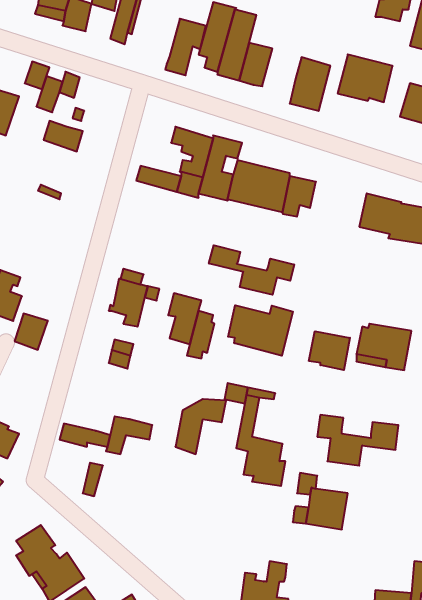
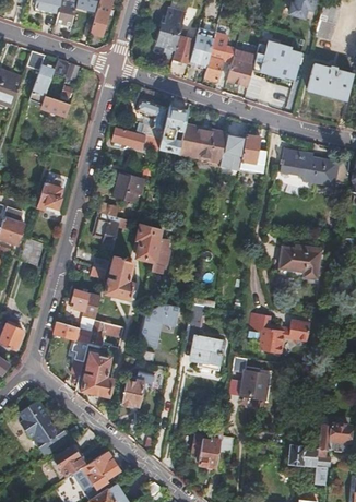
building: [165,19,206,75] -> [202,39,233,82]
building: none -> [240,138,268,174]
building: none -> [111,170,143,202]
building: none -> [35,177,63,212]
building: [209,245,294,295] -> none
building: [228,305,293,356] -> none
building: [309,331,350,370] -> none
building: none -> [104,255,132,298]
building: none -> [71,290,99,331]
building: none -> [80,351,111,395]
building: none -> [121,370,152,407]

